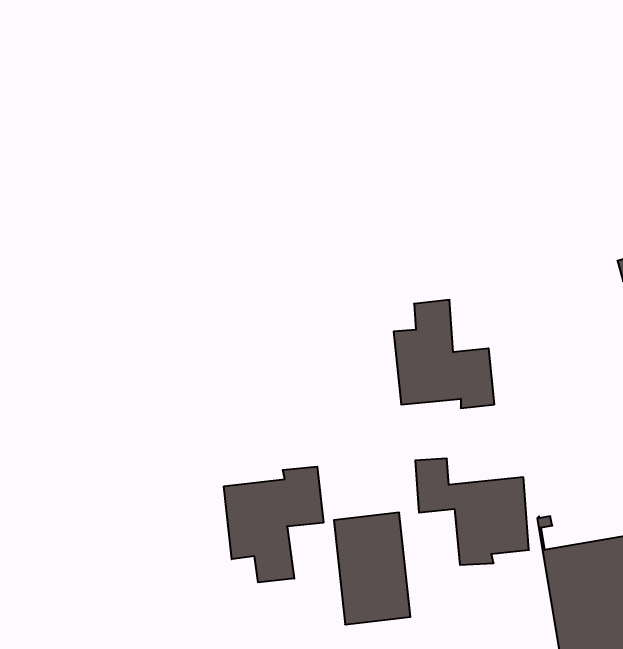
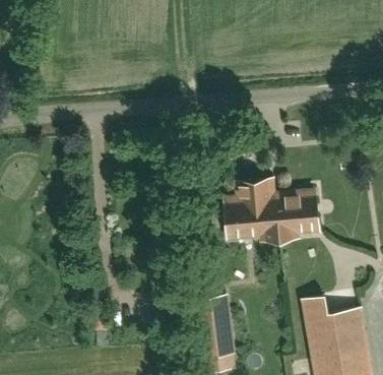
building: [415,459,529,565] -> [255,182,317,240]
building: [224,467,323,582] -> none

